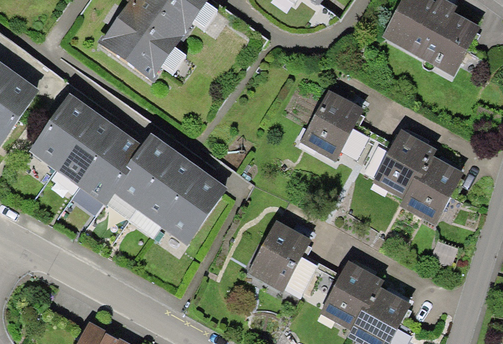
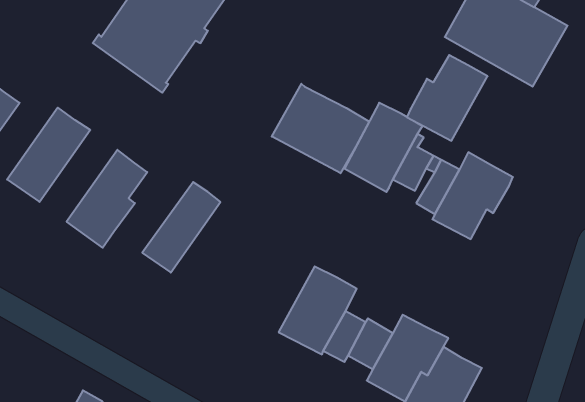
building: none -> [272,84,369,173]
building: [54,111,117,185] -> none
building: [114,133,178,210] -> none
building: [399,156,464,225] -> [407,55,488,141]
building: [160,169,227,244] -> none

